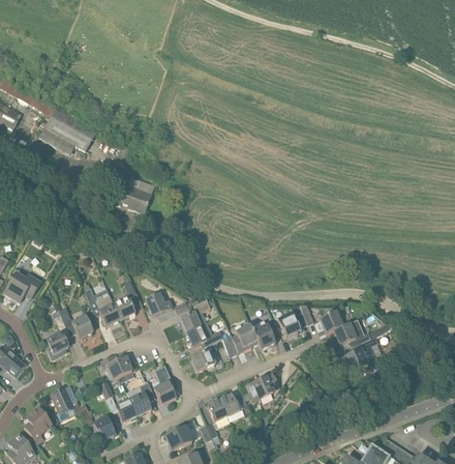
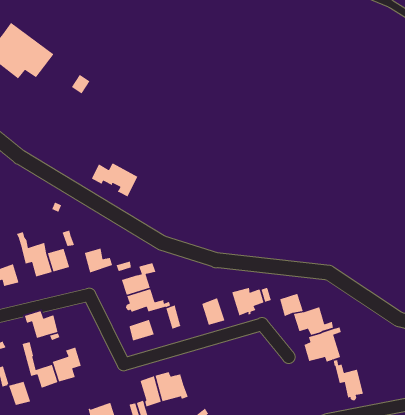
building: [110,183,151,212] -> [91,163,139,198]
building: [231,324,257,351] -> none
building: none -> [333,359,364,401]
building: [153,365,176,404] -> none
building: [244,373,277,400] -> none

